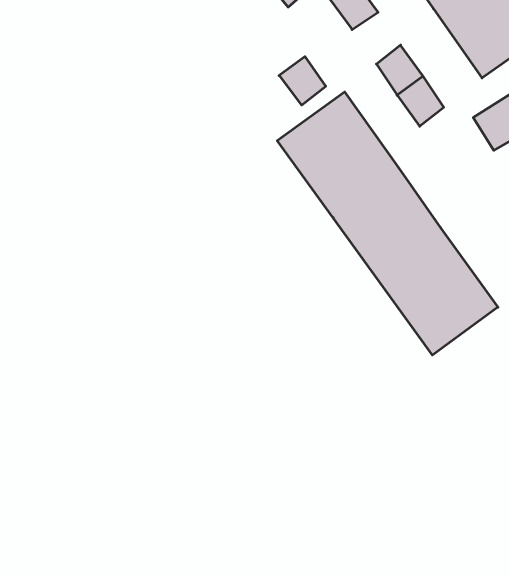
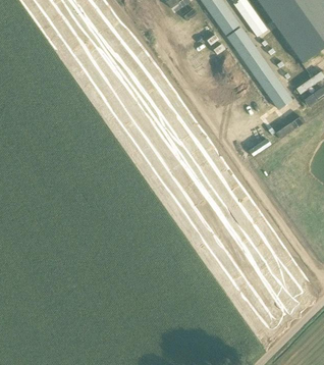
building: [279,57,326,105] -> [226,25,254,54]
building: [277,92,498,355] -> none
building: none -> [265,80,292,109]

